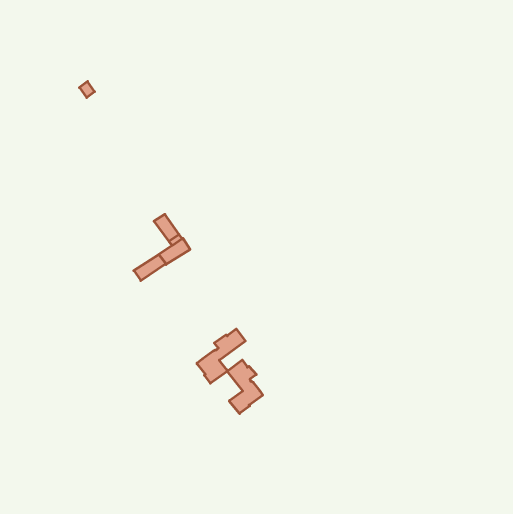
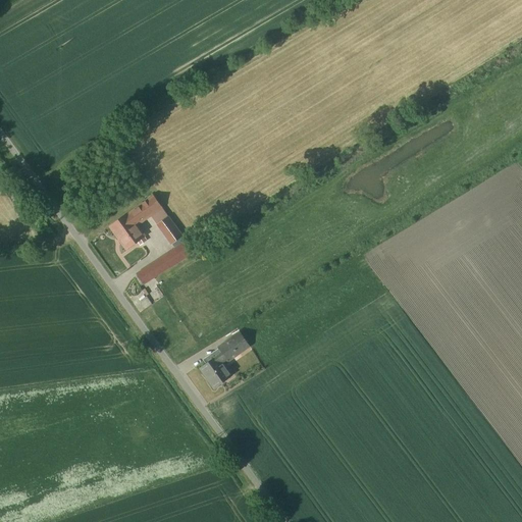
building: none -> [109,196,161,249]
building: [227,360,263,414] -> none

